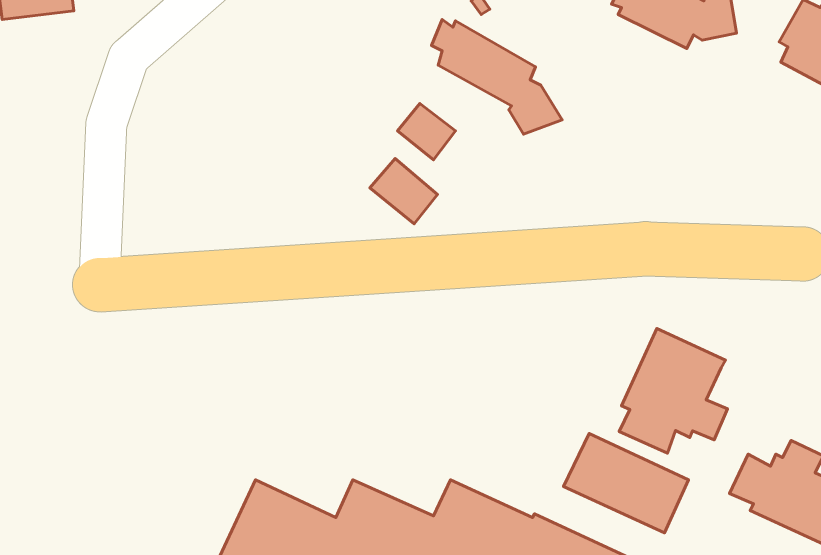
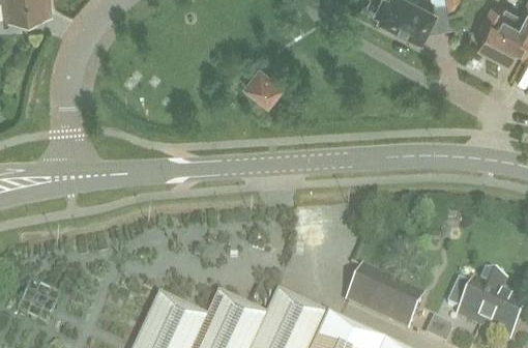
building: [431,20,562,134] -> none
building: [370,159,438,224] -> none
building: [619,329,728,453] -> none

